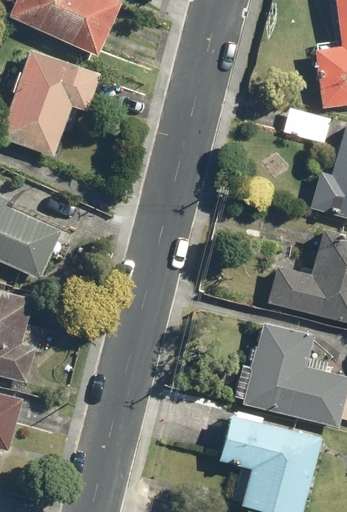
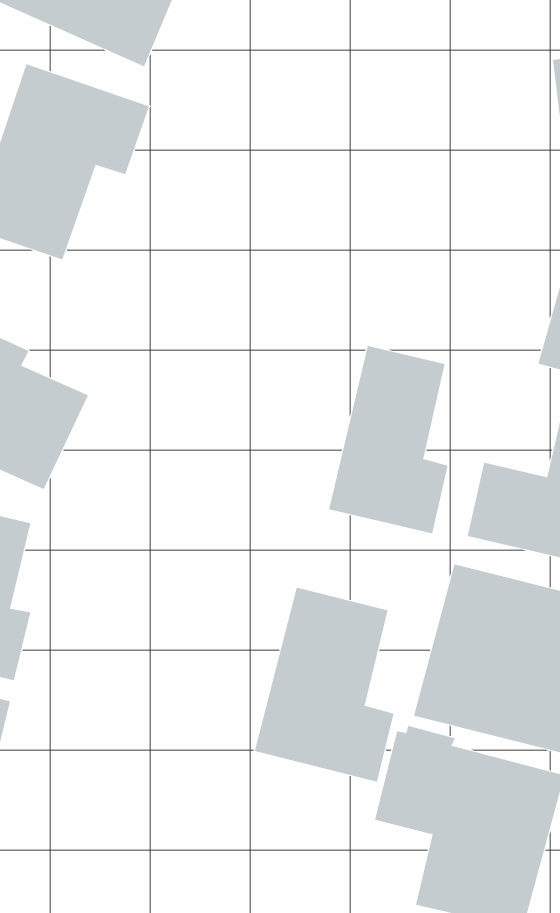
building: none -> [328,345,448,534]
building: none -> [254,587,394,782]

